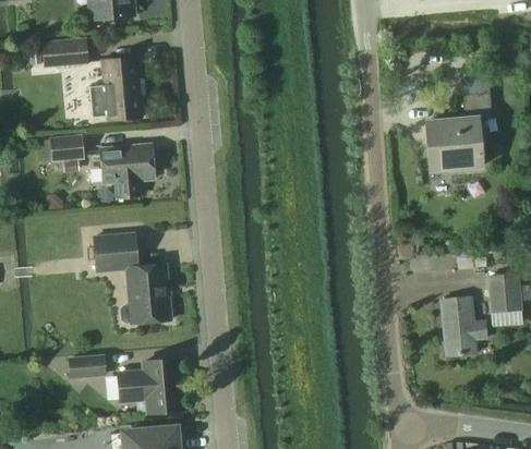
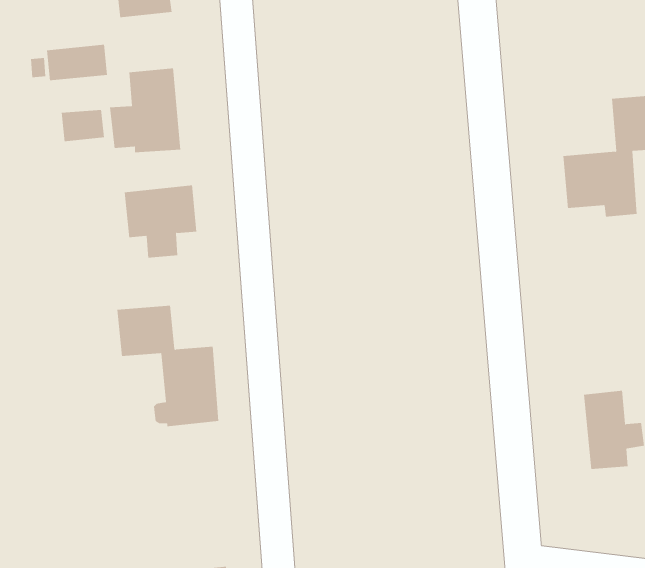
building: [51,136,84,160] -> [61,110,105,142]
building: [70,356,106,377] -> none
building: [119,359,184,413] -> none

